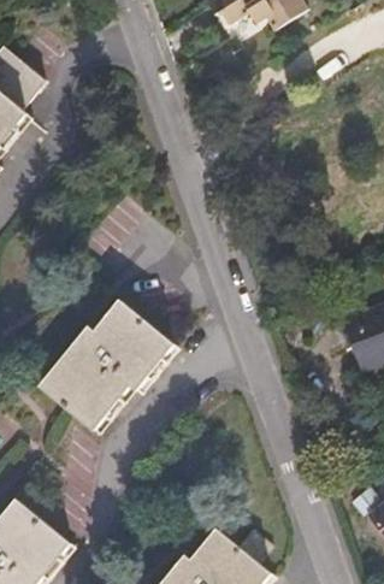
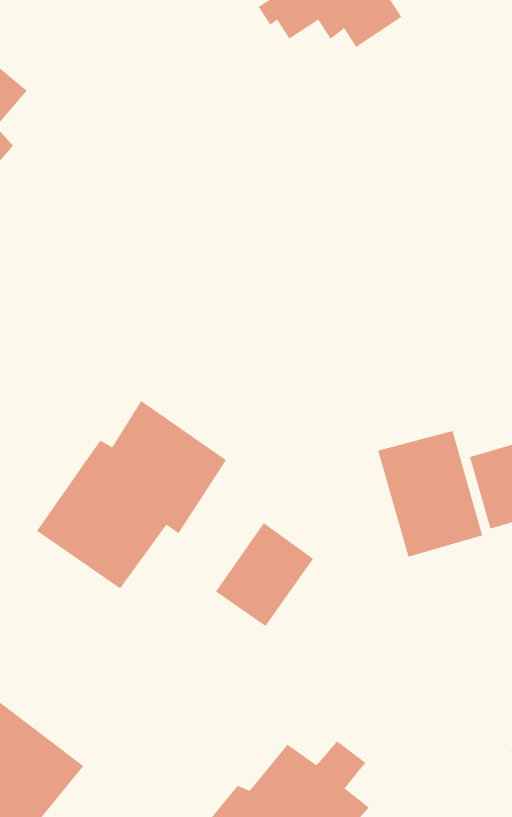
building: none -> [377,430,483,558]
building: none -> [215,522,314,627]

